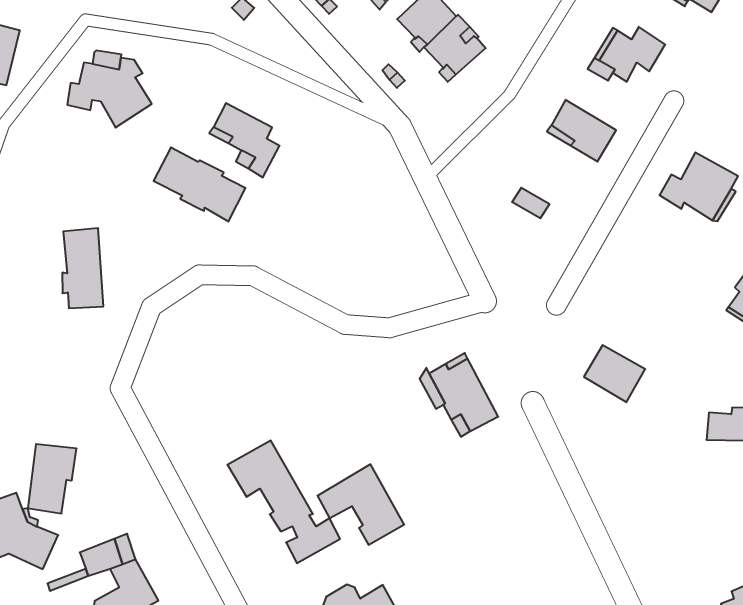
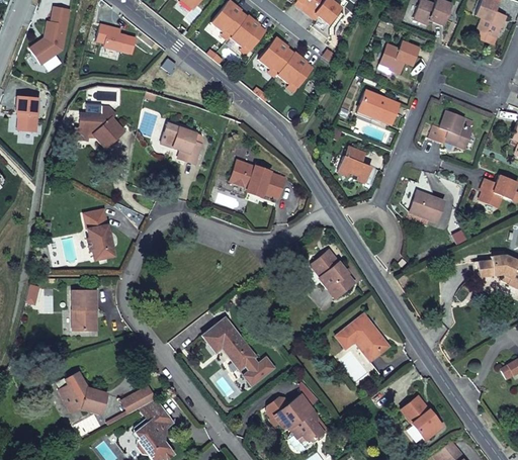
building: [154,147,246,222] -> [230,160,284,198]
building: none -> [338,156,372,183]
building: [584,345,645,402] -> [410,191,445,222]
building: [28,444,77,513] -> [72,290,96,330]
building: [317,464,404,545] -> [336,314,390,362]

